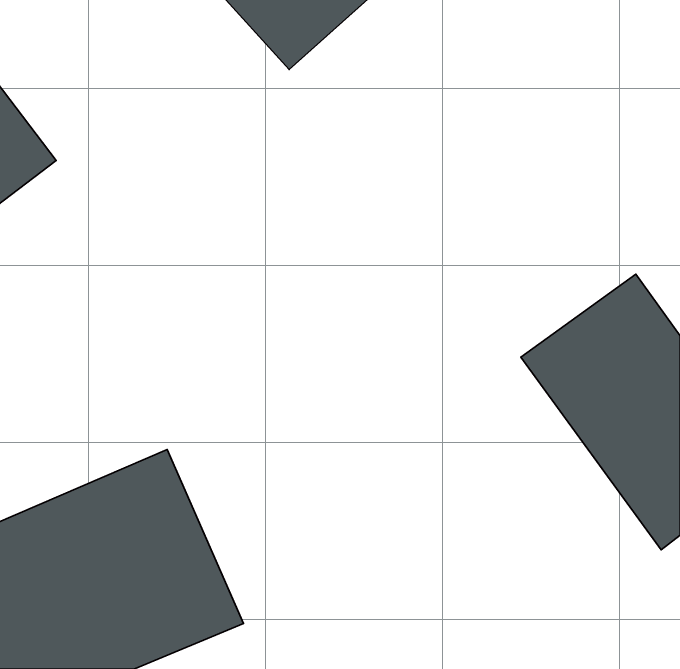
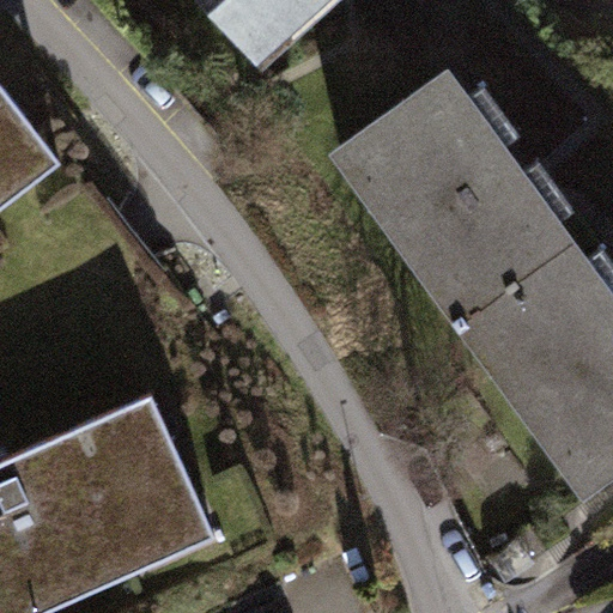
building: none -> [340,73,569,320]

